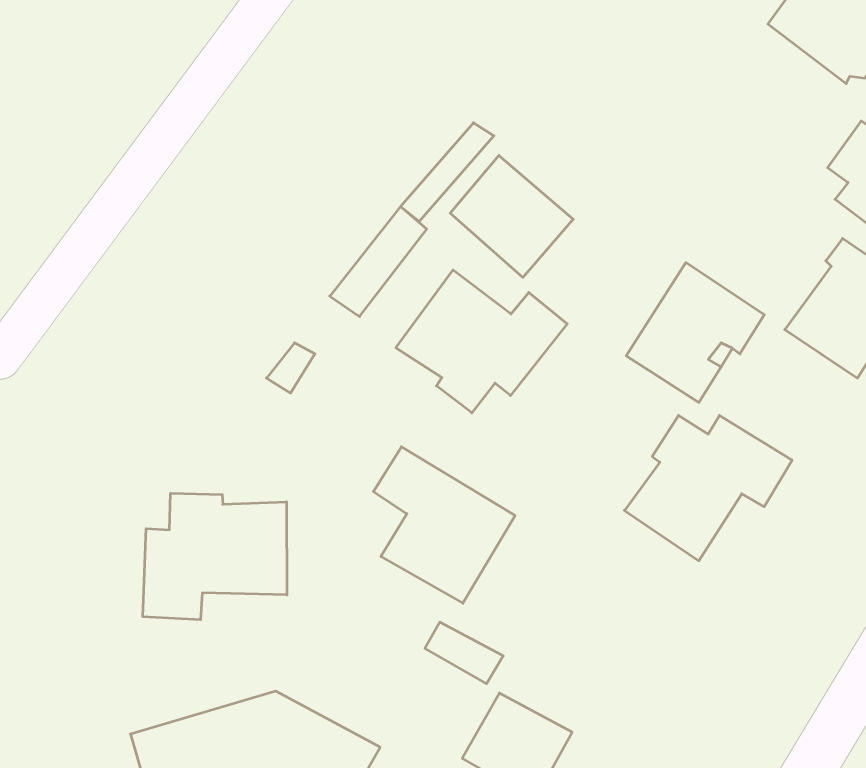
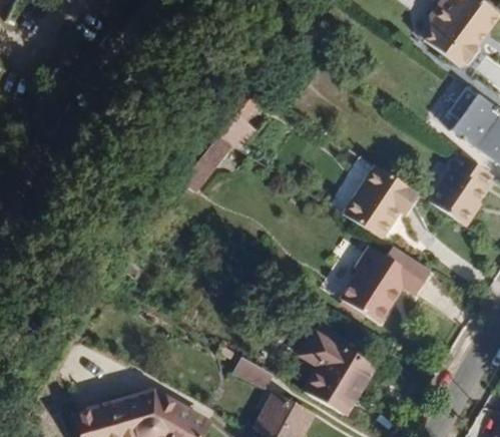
building: [450,155,573,277] -> none
building: [396,270,567,413] -> none
building: [373,447,515,603] -> [300,331,376,415]
building: [143,493,287,620] -> none

